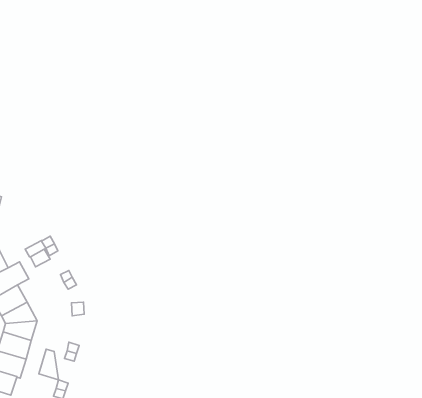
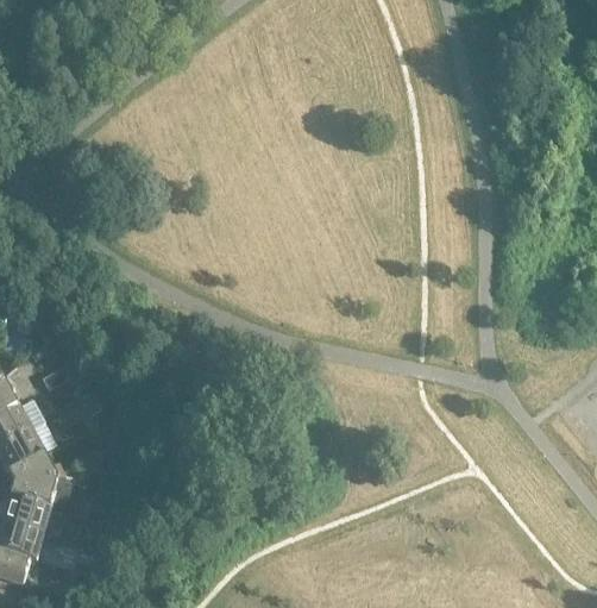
building: [39,349,59,380] -> none

